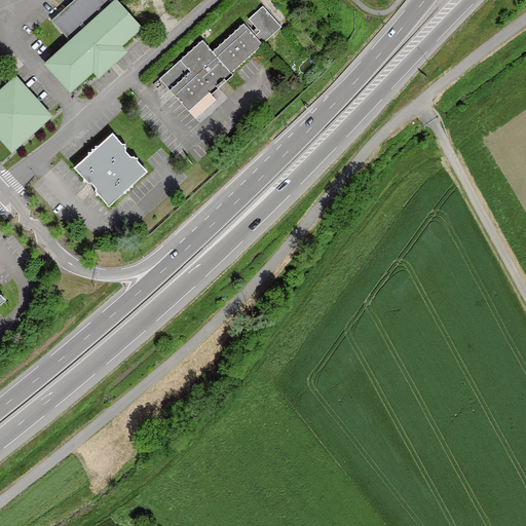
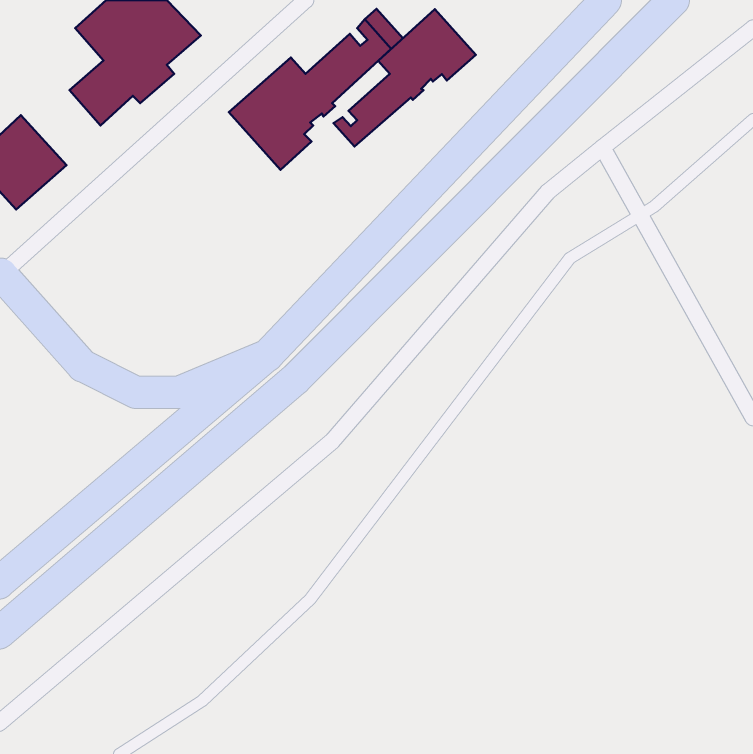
building: none -> [334,9,476,147]
building: [75,134,146,204] -> none

